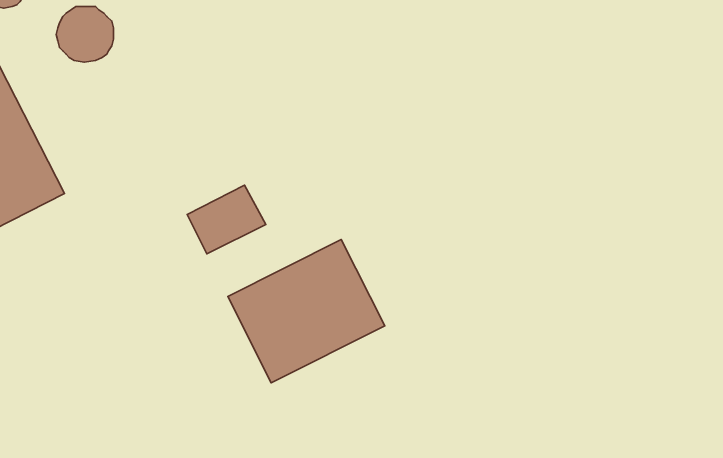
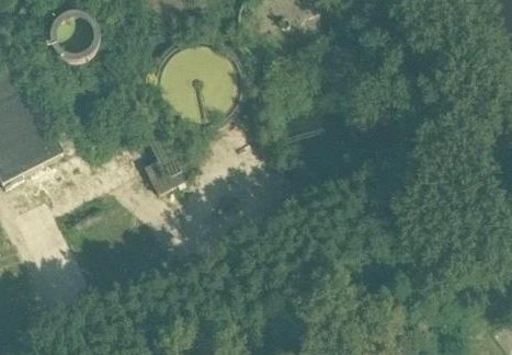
building: [228,240,385,383] -> none

